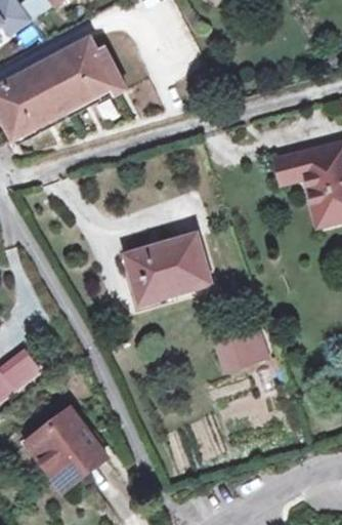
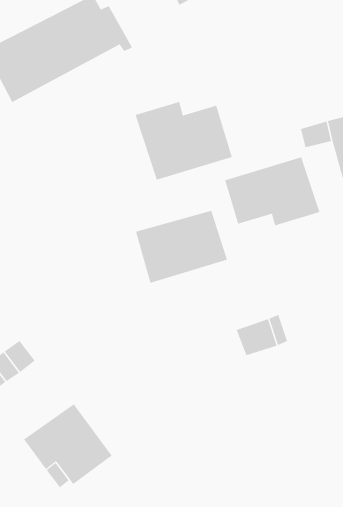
building: none -> [135,101,232,181]
building: none -> [224,156,320,226]

